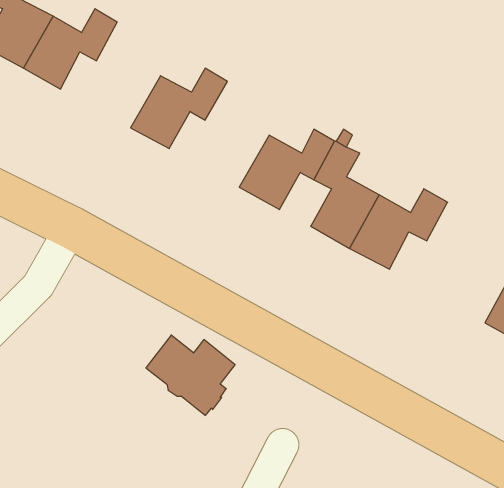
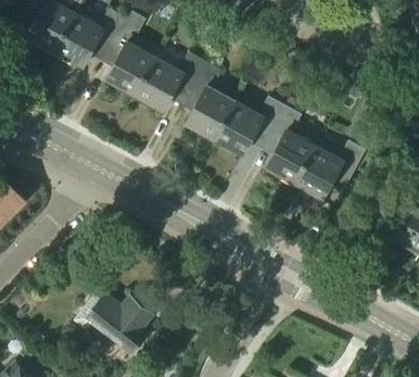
building: none -> [106,11,156,96]
building: none -> [186,62,236,139]
building: [146,335,235,415] -> [87,293,152,352]

